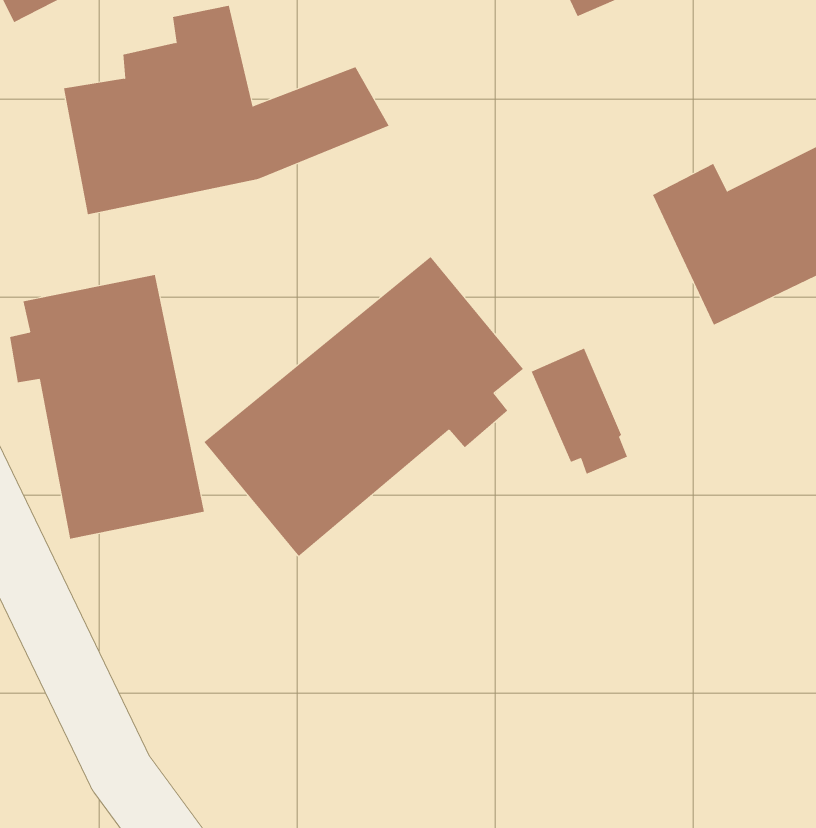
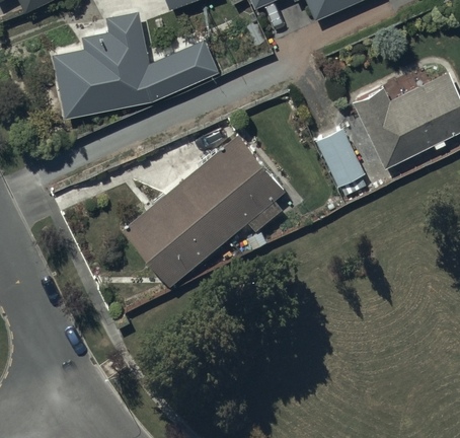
building: [9,274,205,539] -> none
building: [531,348,628,474] -> [317,131,367,196]

